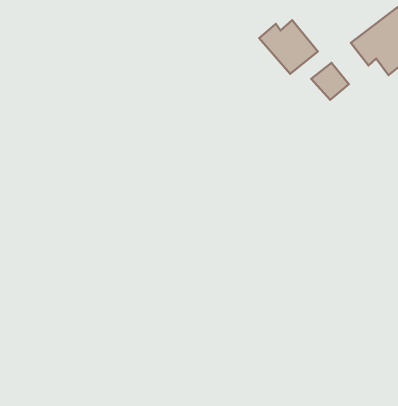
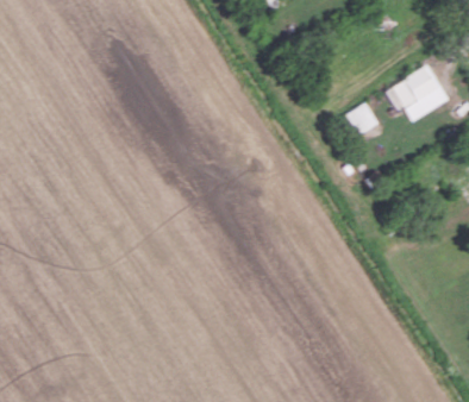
building: [259,20,318,74] -> none

